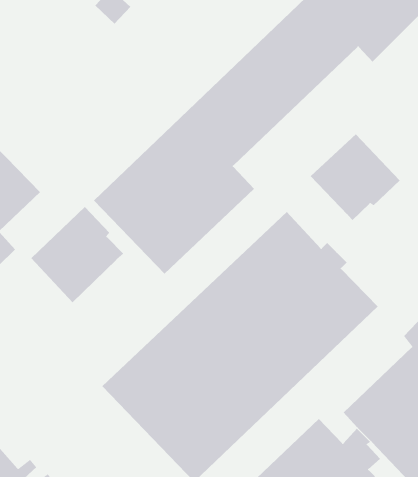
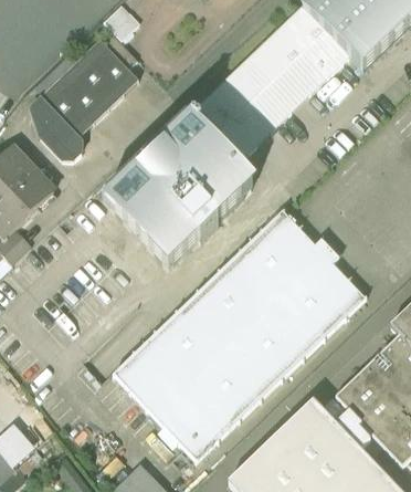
building: none -> [29,30,138,160]
building: [310,133,401,221] -> none
building: [30,206,124,303] -> none

